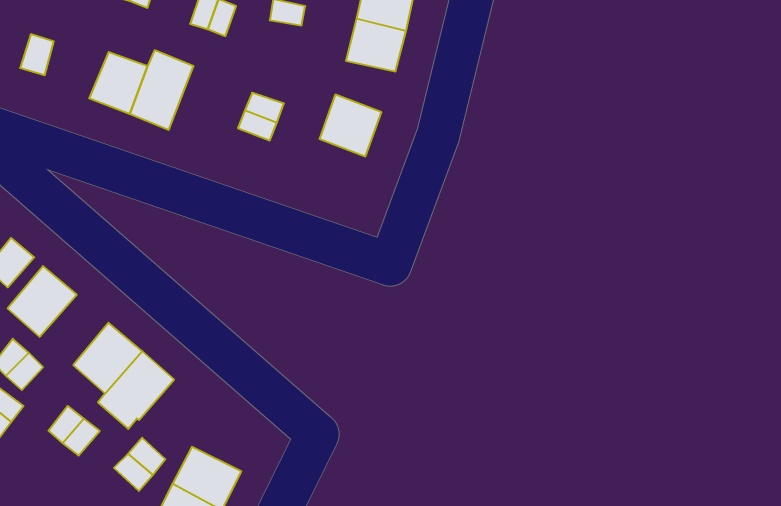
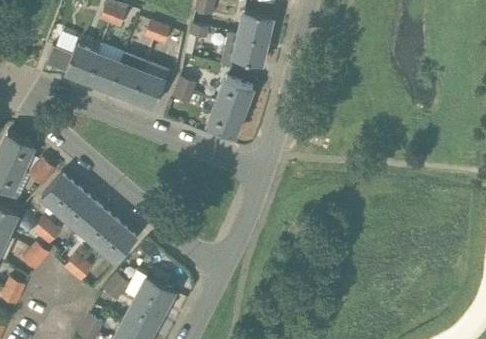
building: none -> [65,37,102,81]
building: none -> [132,63,169,107]
building: none -> [207,104,243,138]
building: none -> [59,192,98,232]

